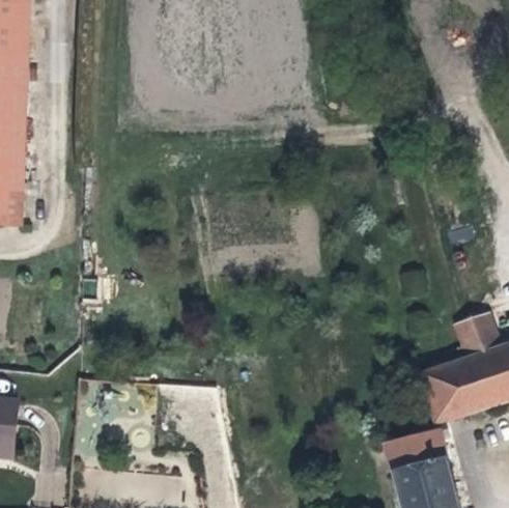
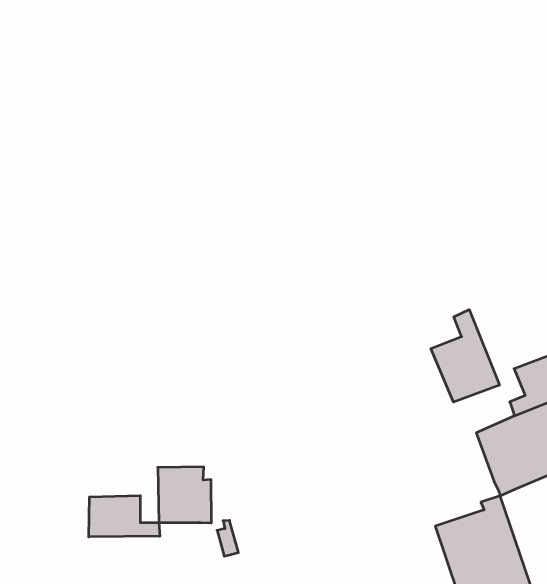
building: none -> [431,310,499,402]
building: none -> [89,496,160,537]

